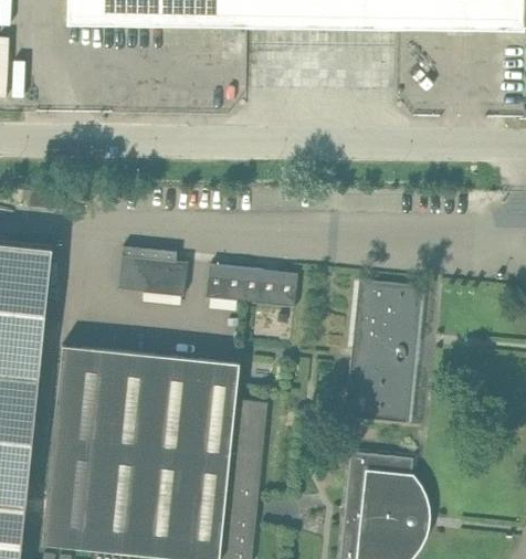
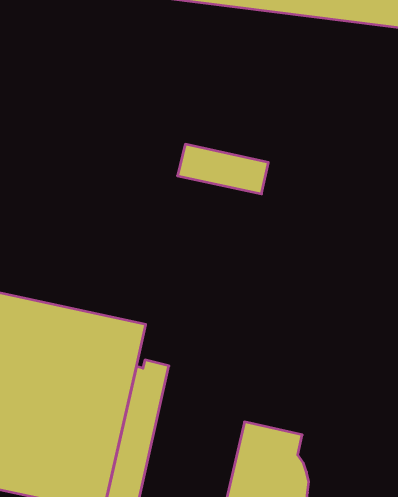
building: [118,246,188,295] -> none
building: [206,264,297,306] -> [177,144,268,194]
building: [345,280,421,423] -> none

